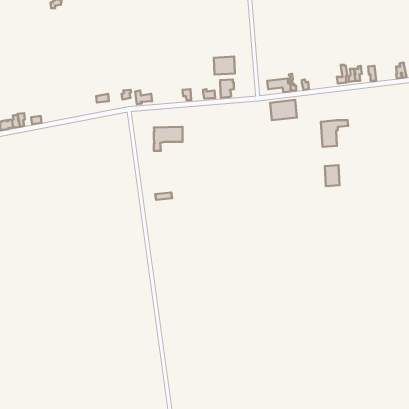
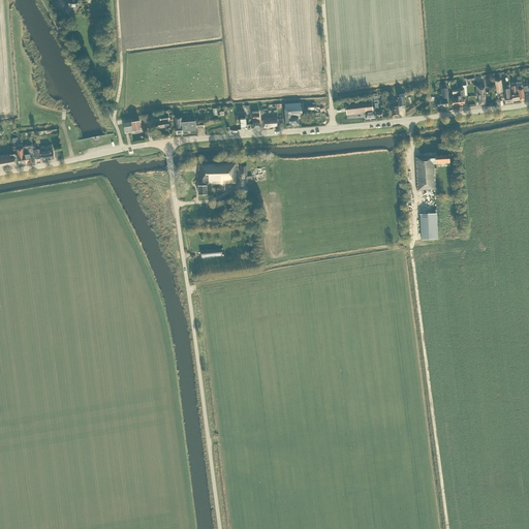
building: [214,57,235,75] -> none
building: [270,100,297,120] -> none

